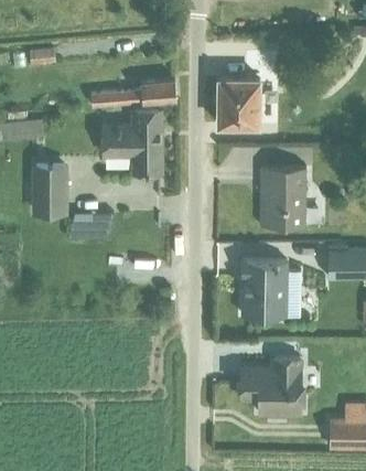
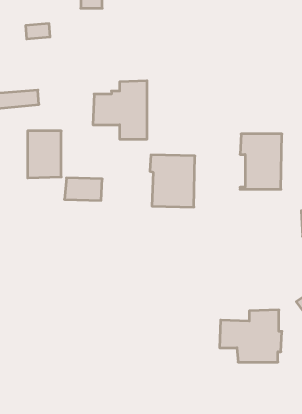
building: [90,79,176,108] -> none
building: [218,79,261,126] -> none
building: [240,260,289,317] -> [150,155,195,207]

